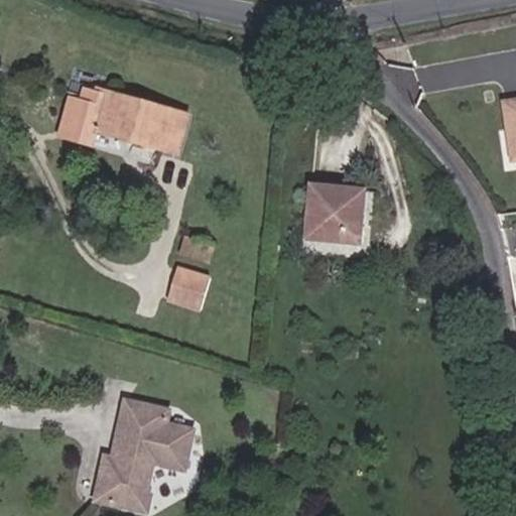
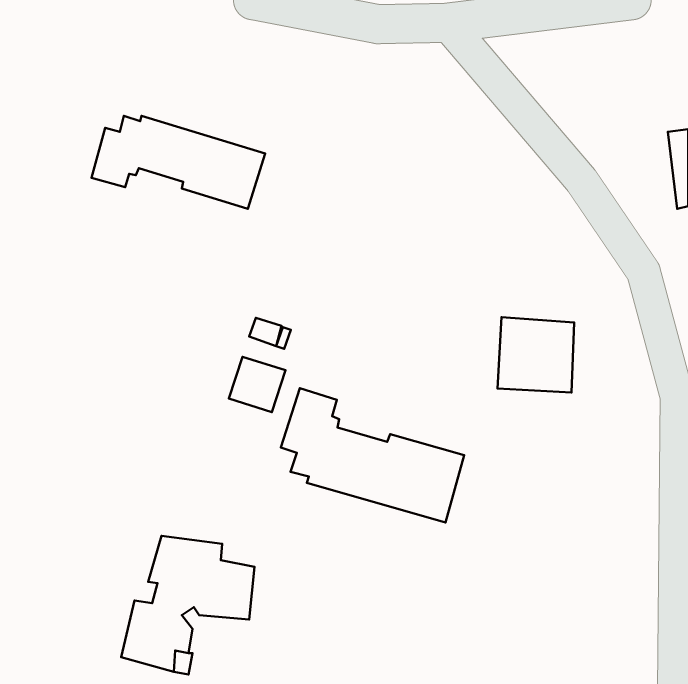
building: [305,182,363,239] -> [497,317,574,393]
building: none -> [281,388,464,523]

